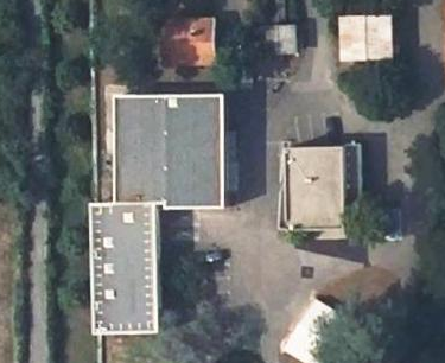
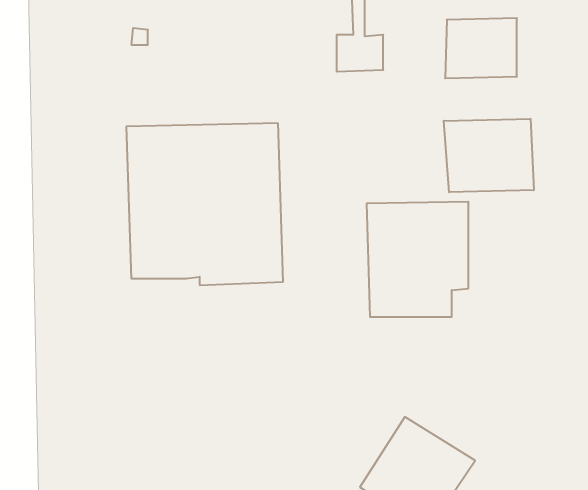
building: [161,19,215,66] -> none
building: none -> [444,119,534,192]
building: [91,200,158,332] -> none

